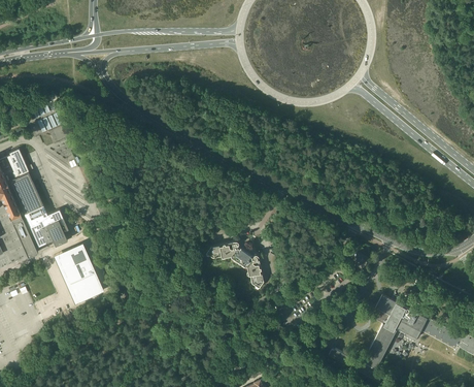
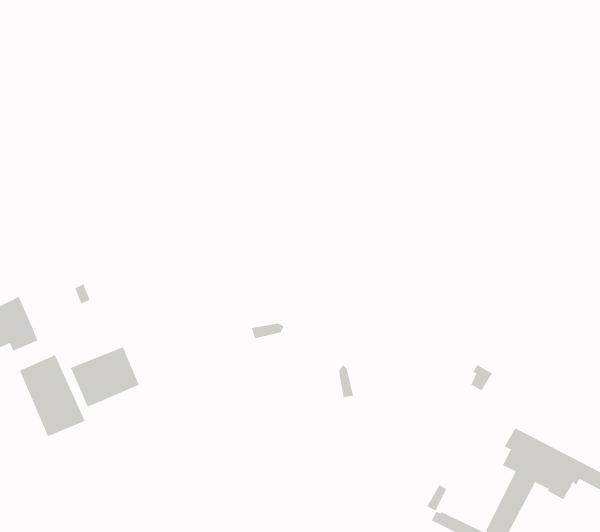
building: [205,240,263,288] -> none
building: none -> [70,347,140,407]

